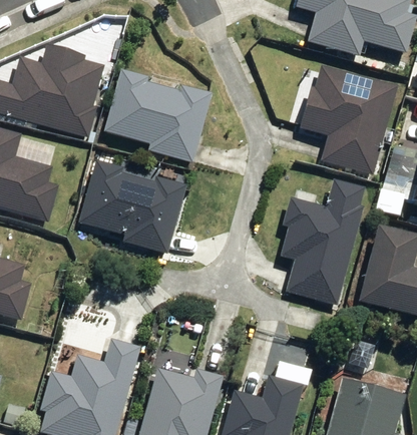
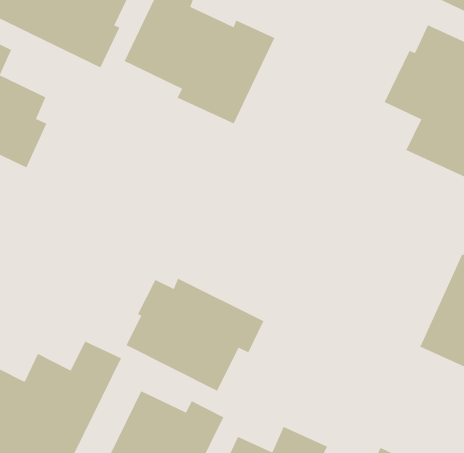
building: [80,159,188,253] -> none
building: [282,180,366,303] -> none
building: none -> [126,278,264,391]

